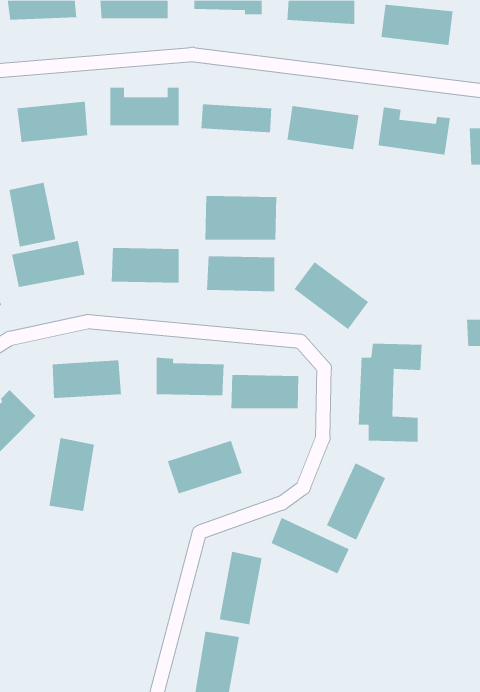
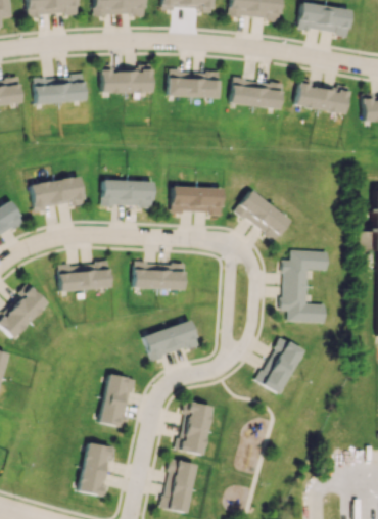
building: [9,182,56,247] -> none
building: [204,195,277,241] -> none
building: [231,374,299,409] -> none
building: [49,437,95,512] -> [100,374,134,428]
building: [270,517,350,575] -> none
building: none -> [79,442,116,497]

